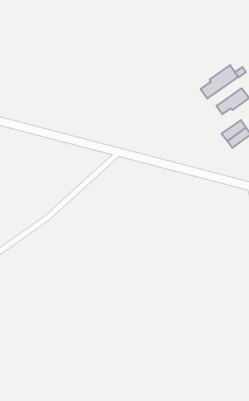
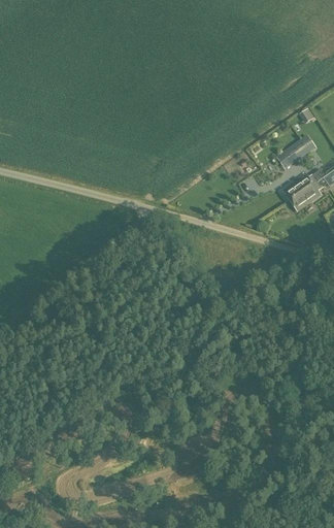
building: [201,65,238,99] -> none

